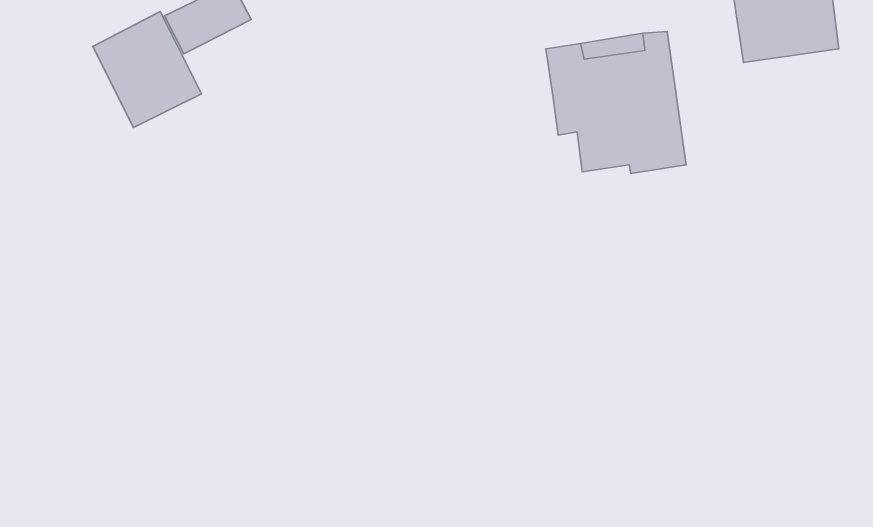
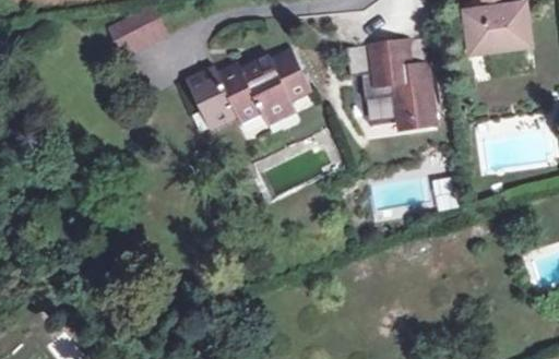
building: [93,12,202,127] -> none
building: none -> [188,51,311,129]

